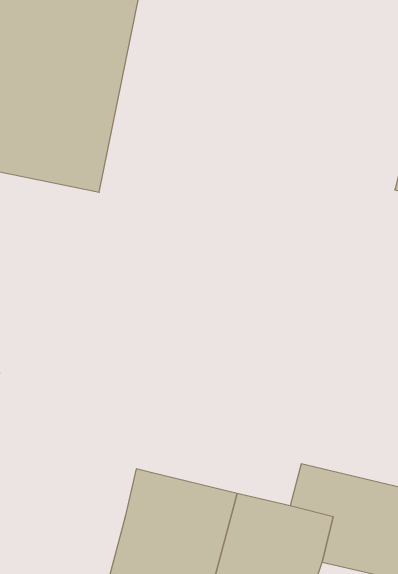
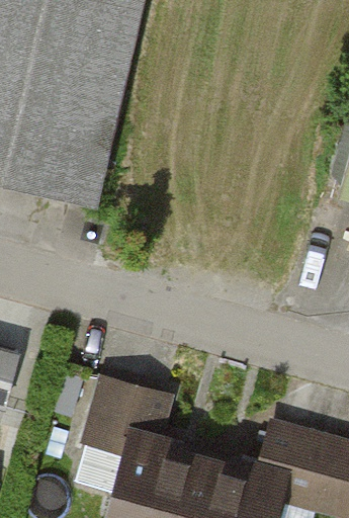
building: none -> [75,378,153,467]

